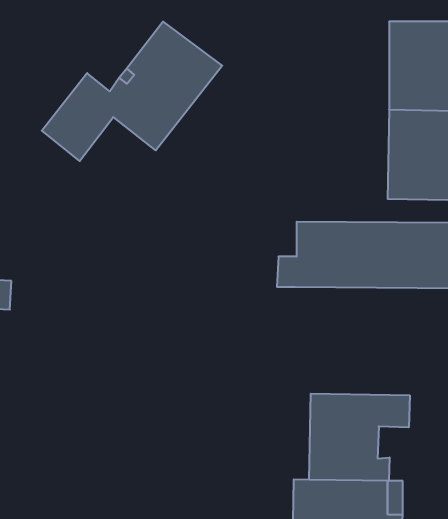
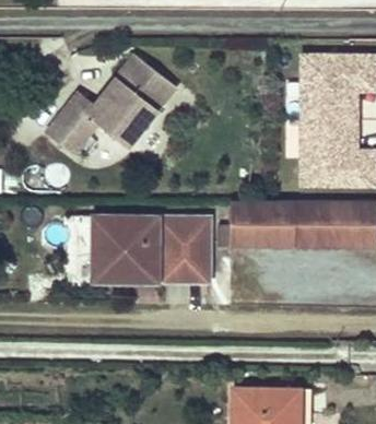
building: none -> [79,216,212,282]
building: [309,394,410,481] -> none

